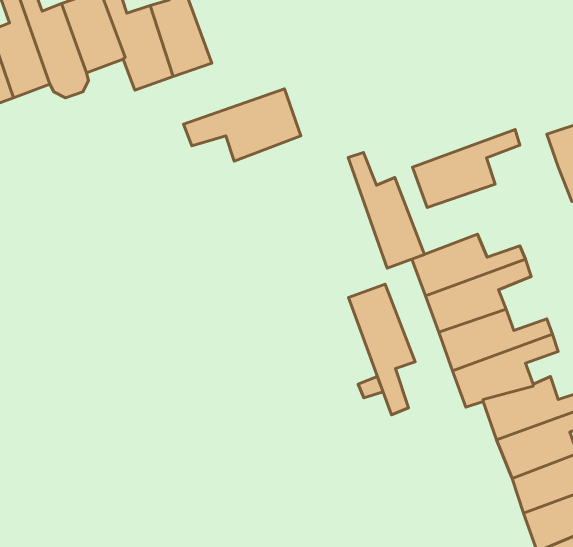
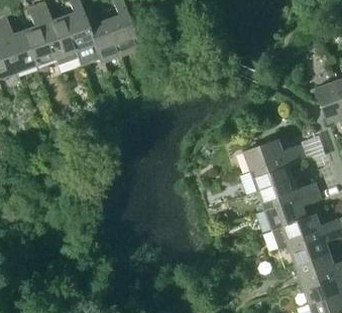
building: [184,89,301,161] -> none
building: [412,130,520,208] -> none
building: [348,152,425,268] -> none
building: [348,284,415,415] -> none

